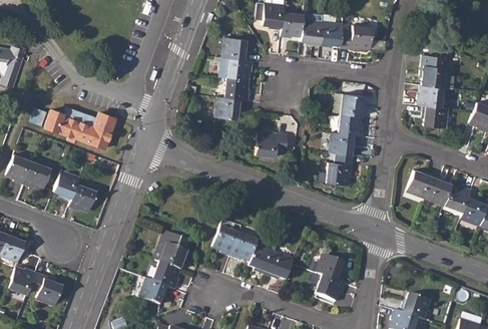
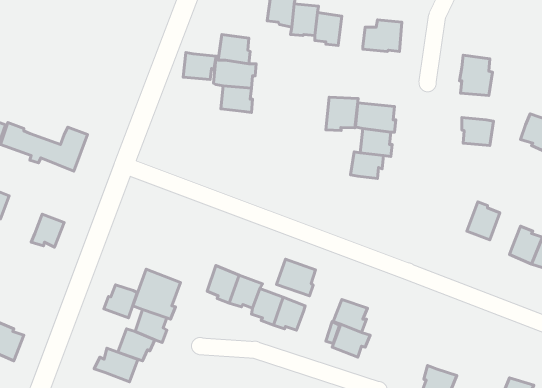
building: [321,21,344,46] -> none
building: [417,84,444,106] -> none
building: none -> [326,97,358,131]
building: [216,96,243,118] -> [183,53,216,80]
building: [256,129,289,157] -> none
building: [327,152,356,185] -> none
building: [407,169,435,198] -> none
building: [53,171,80,200] -> none
building: [445,183,472,212] -> none
building: none -> [276,259,316,296]
building: none -> [104,285,137,318]
building: [402,292,432,320] -> none
building: none -> [94,348,138,382]

